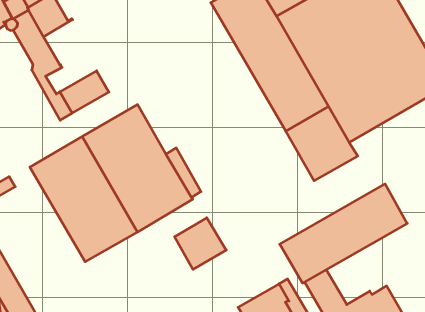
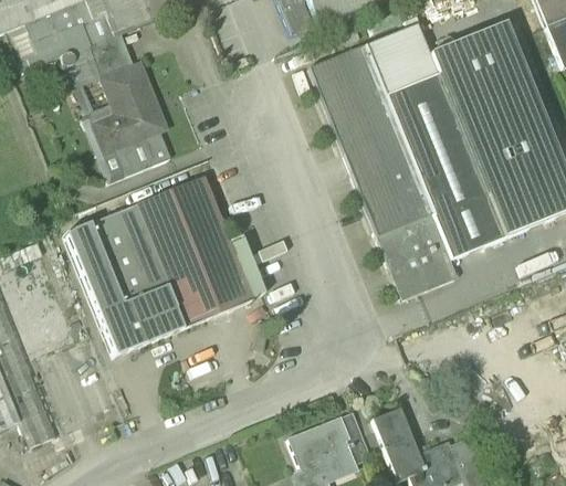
building: none -> [98,63,166,149]
building: [280,184,407,283] -> none
building: [175,218,226,269] -> none

